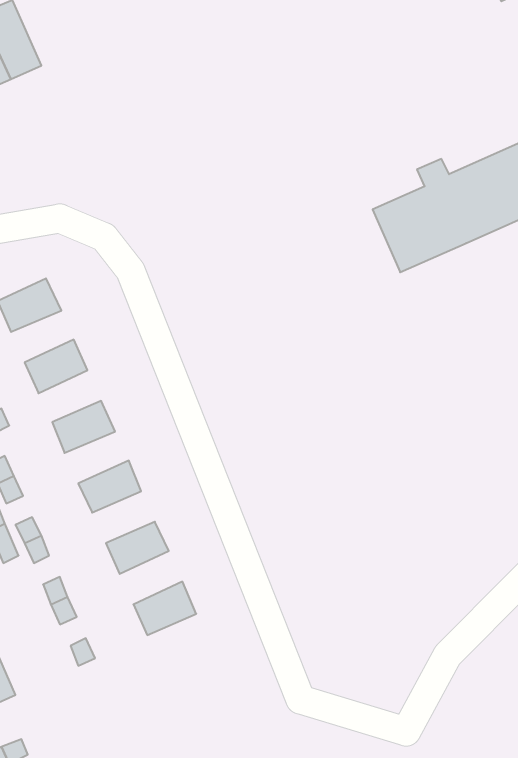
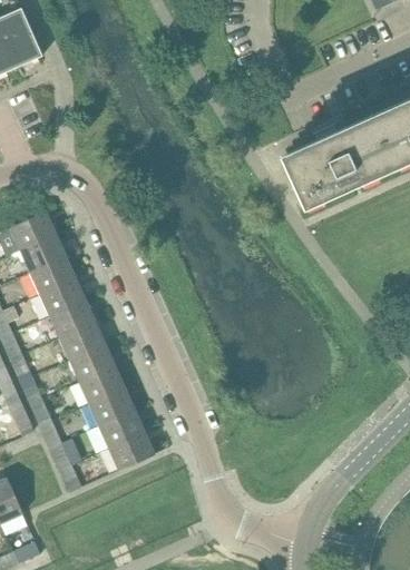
building: none -> [19,234,65,272]
building: none -> [39,277,85,315]
building: none -> [58,322,105,360]
building: none -> [78,365,124,403]
building: none -> [98,409,144,448]

